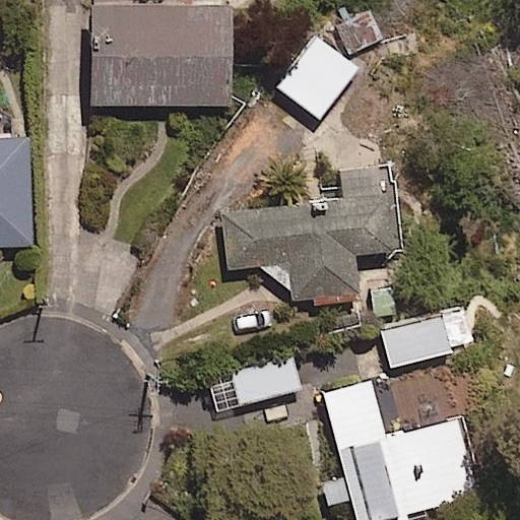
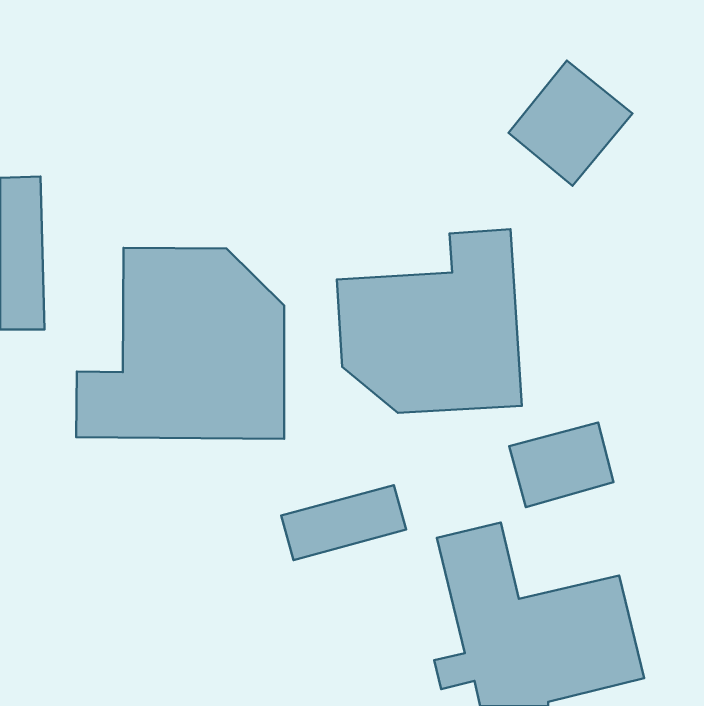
building: [90,7,226,106] -> none
building: [271,29,362,121] -> [509,61,632,186]
building: none -> [76,248,284,439]

